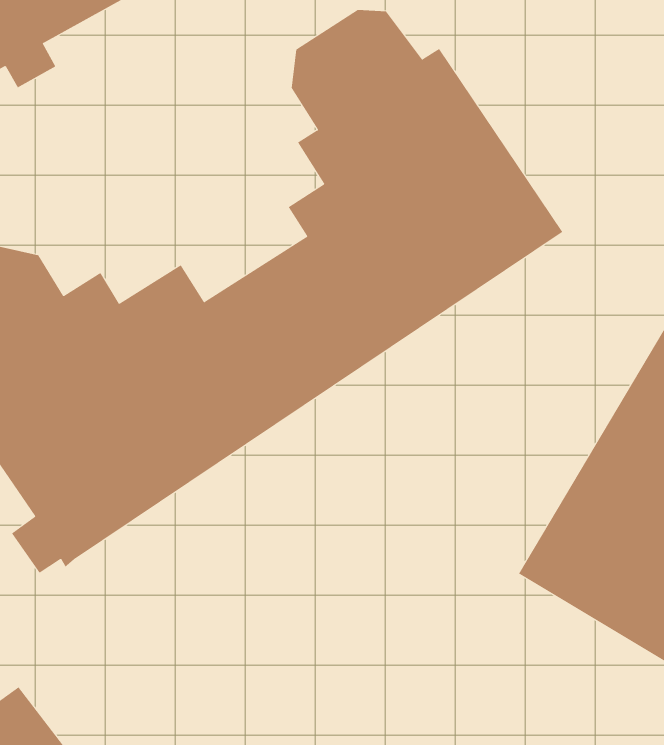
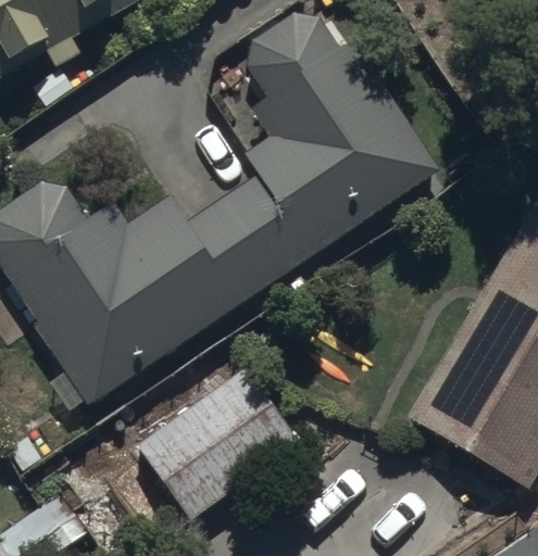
building: none -> [134,365,298,519]

